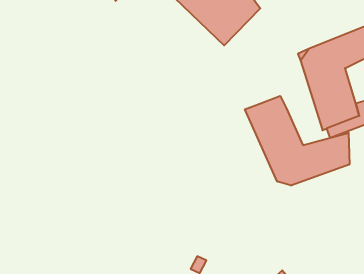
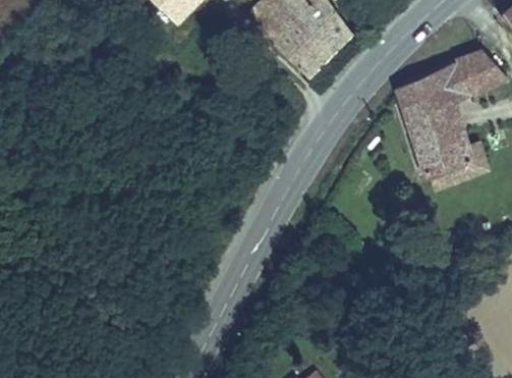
building: [245,96,349,186] -> none

